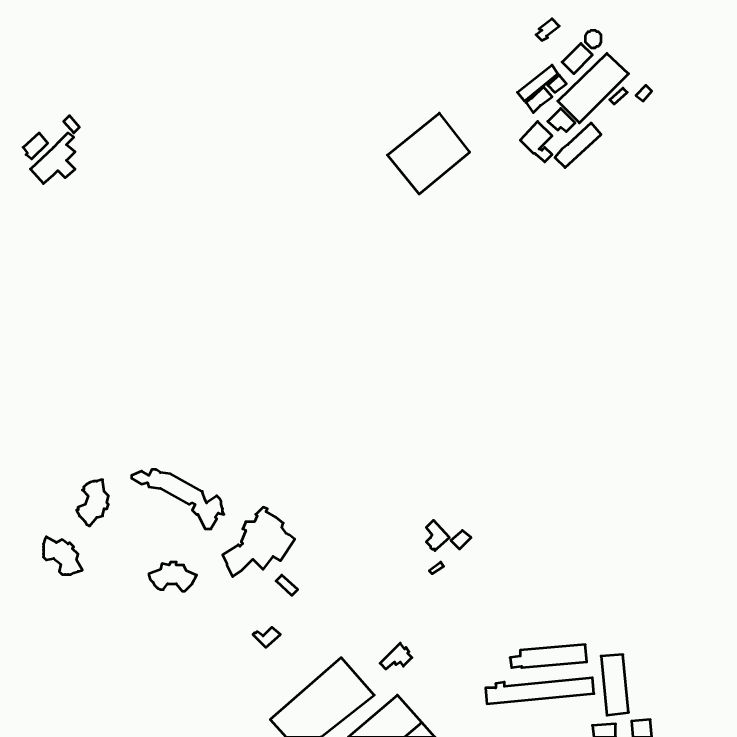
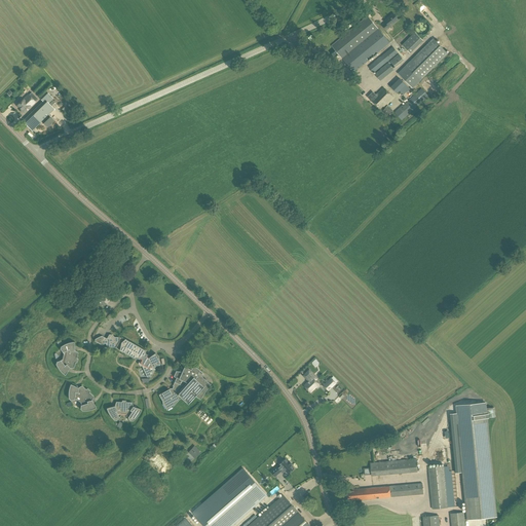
building: [387,113,470,194] -> [330,14,388,72]
building: [43,537,82,574] -> [68,383,96,410]
building: none -> [456,411,496,519]

